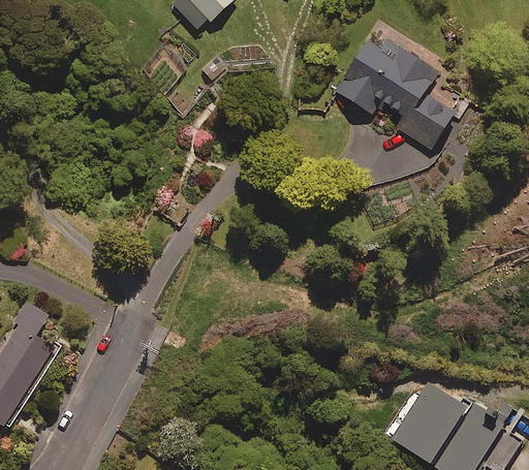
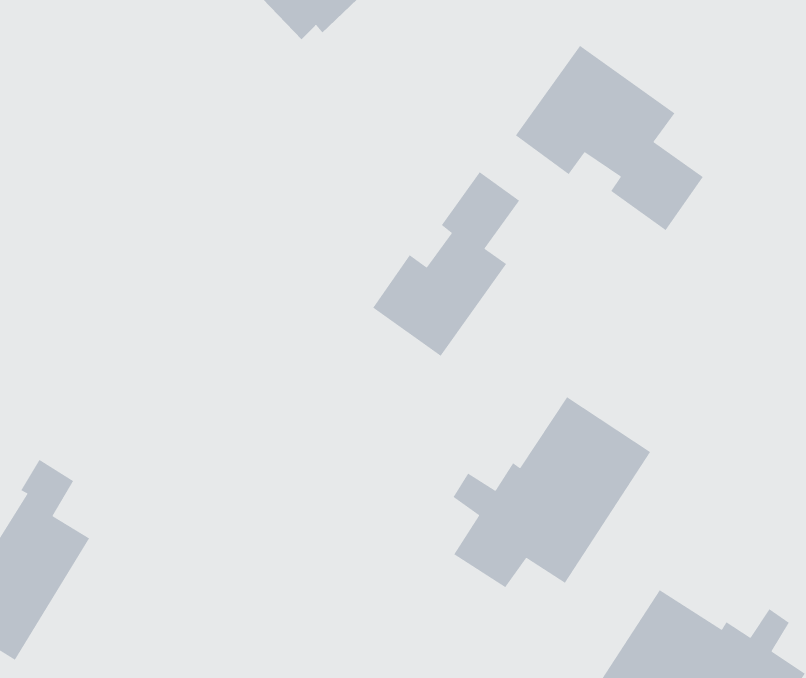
building: none -> [372,171,520,357]
building: none -> [453,396,651,588]

